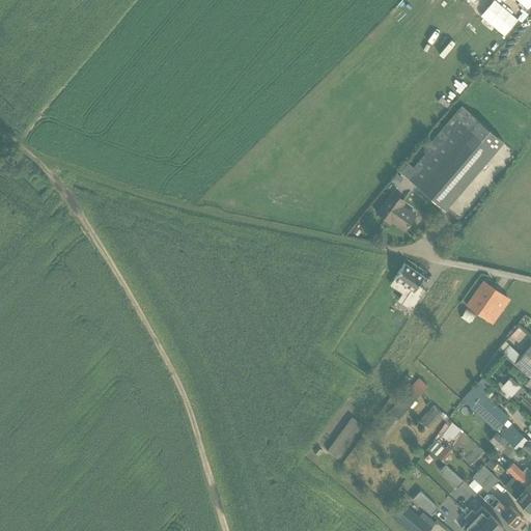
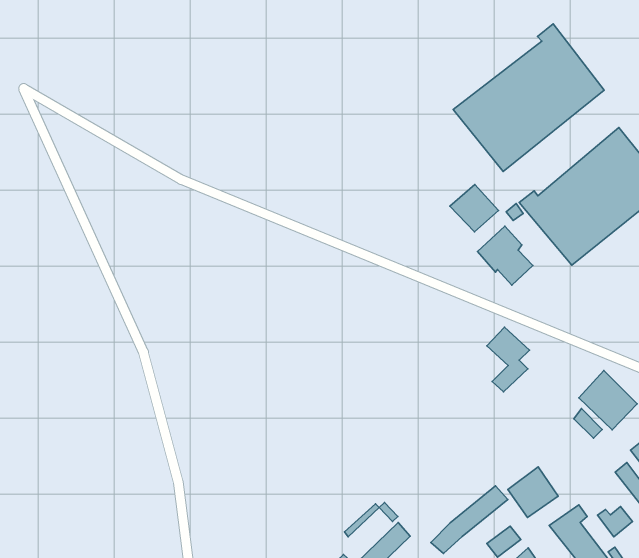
building: none -> [453,24,604,171]
building: none -> [450,184,498,232]
building: none -> [508,467,558,518]

